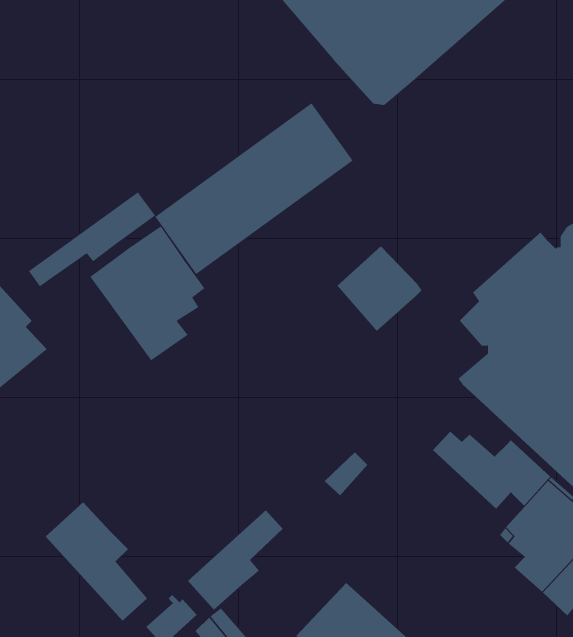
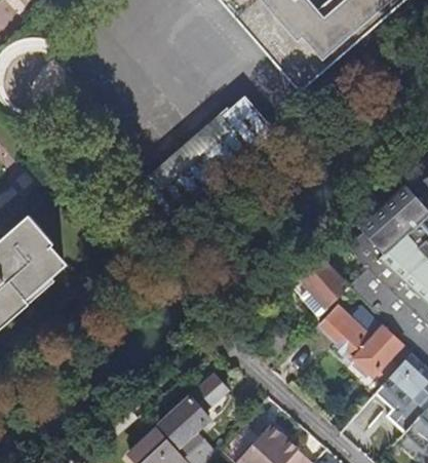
building: [28,191,156,287] -> none
building: [90,226,205,361] -> none
building: [336,246,423,332] -> [290,257,350,316]
building: [45,501,148,621] -> none

